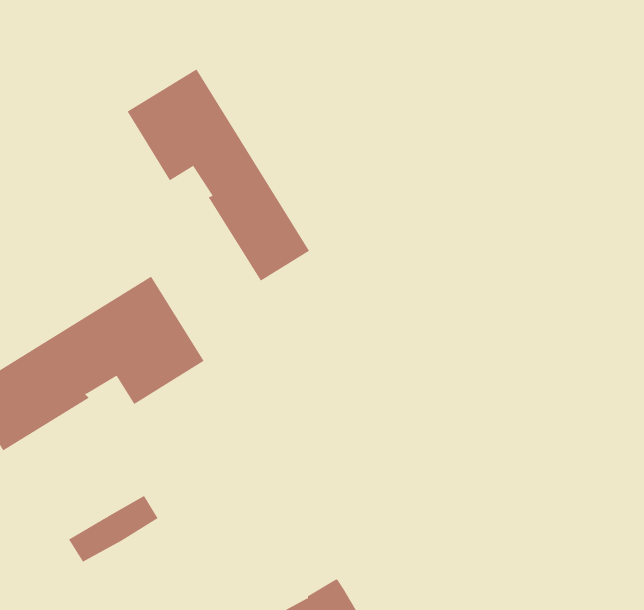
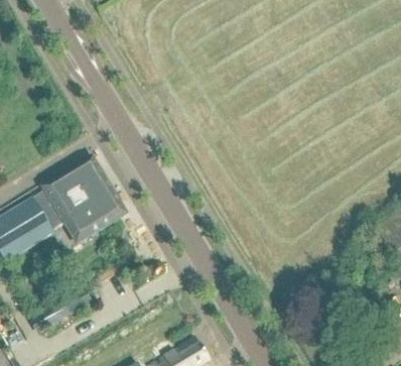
building: [127,68,310,282] -> none

